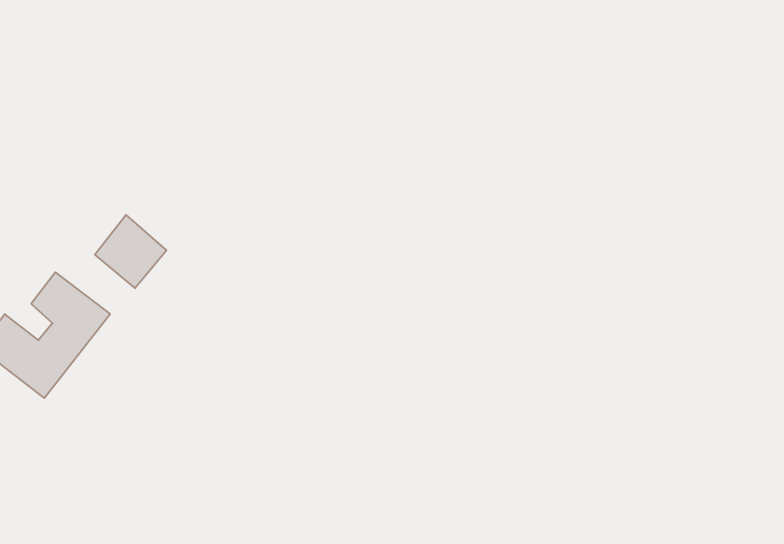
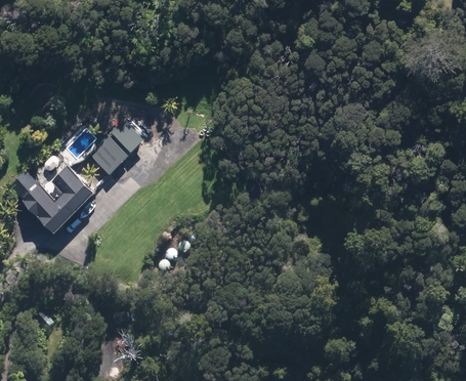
building: none -> [108,122,140,156]

